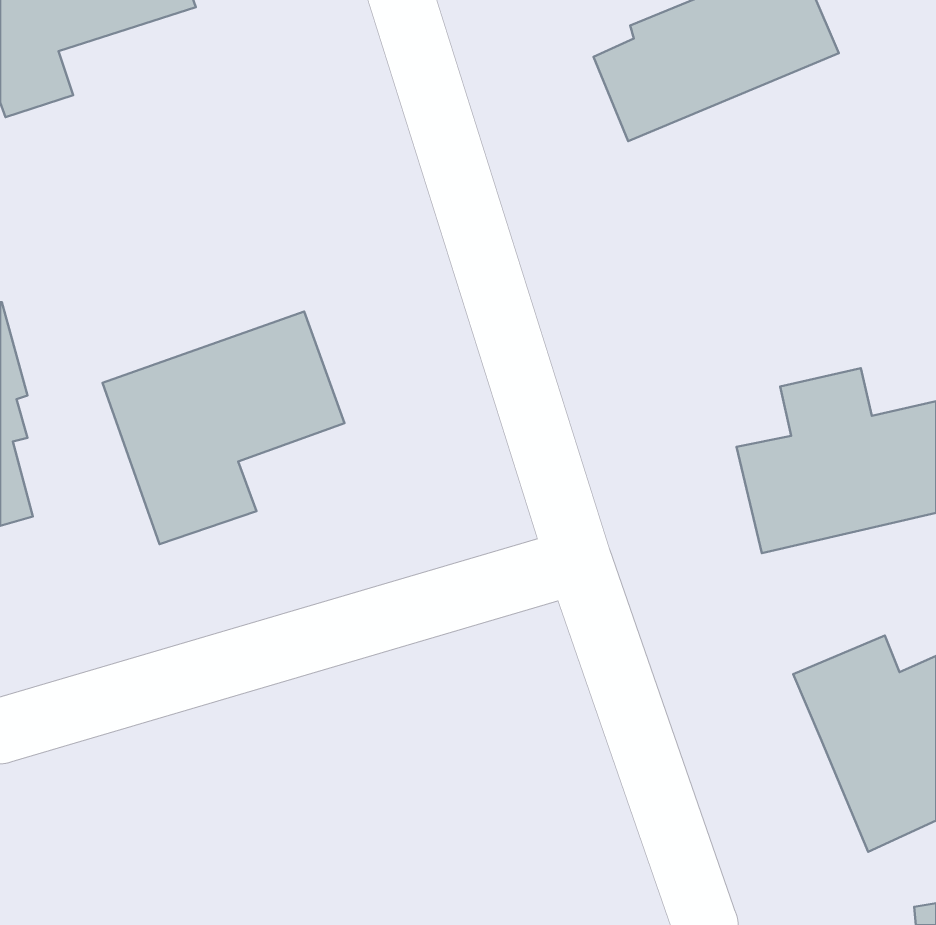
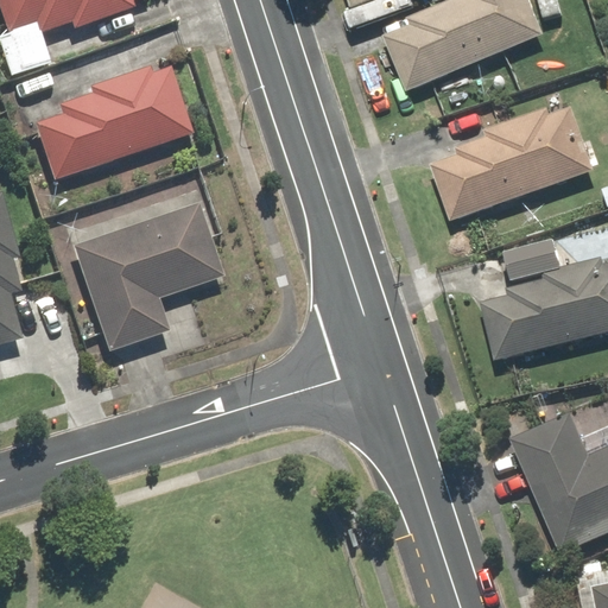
building: none -> [30,56,191,178]
building: none -> [425,102,595,223]

